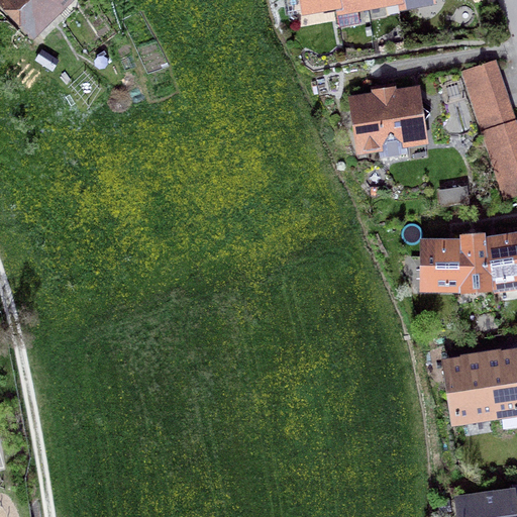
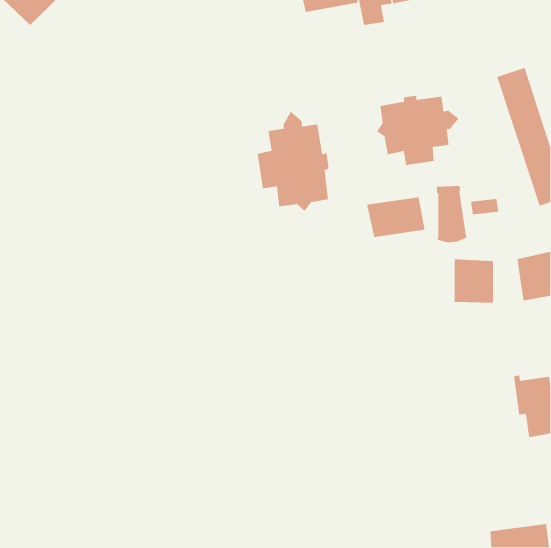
building: none -> [257,111,330,212]
building: none -> [366,196,425,238]
building: [461,236,491,291] -> [436,185,468,243]
building: [446,352,495,417] -> none

